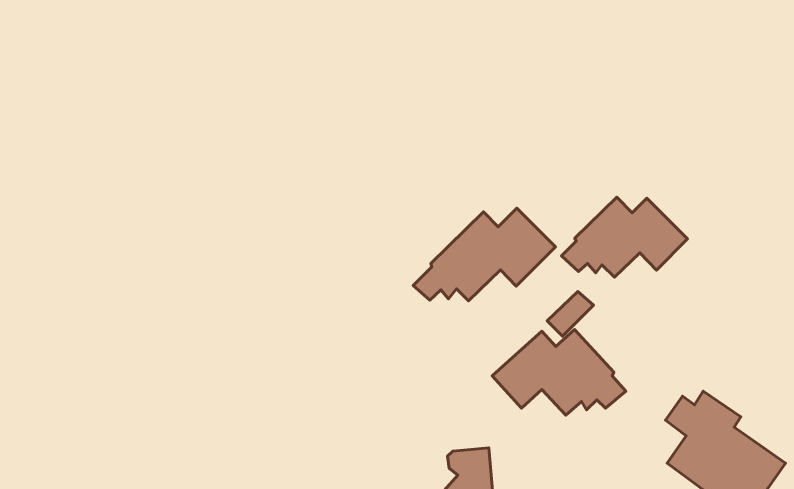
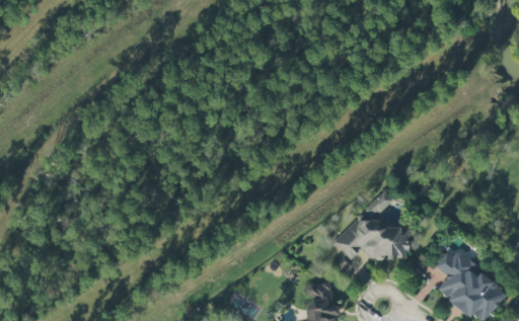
building: [562,197,688,277] -> none
building: [413,208,555,301] -> none

